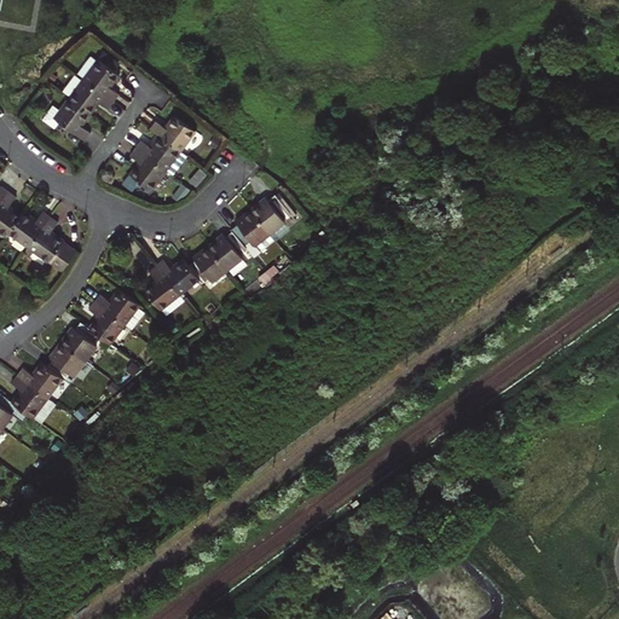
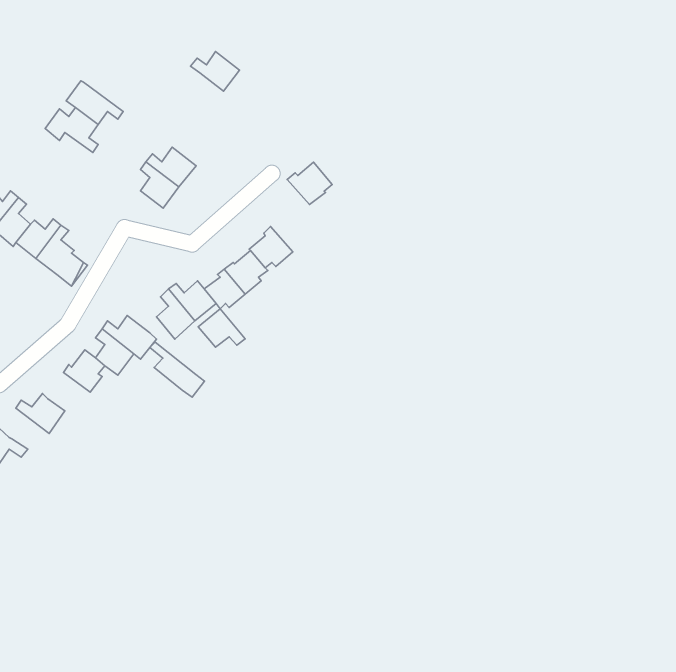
building: [76,60,118,106] -> none
building: [149,120,193,156] -> [190,52,239,91]
building: [247,196,288,235] -> [287,162,332,205]
building: none -> [198,309,245,347]
building: none -> [150,342,204,397]
building: [44,345,82,382] -> none
building: [8,377,45,420] -> none

